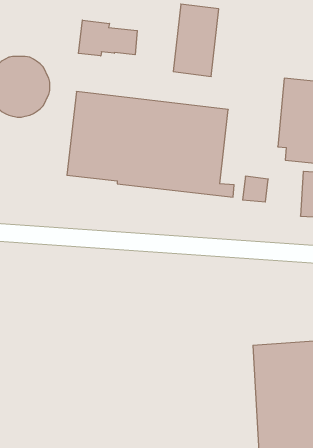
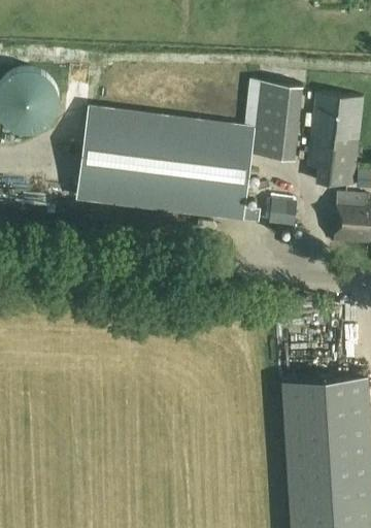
building: [173,4,219,76] -> [252,81,302,160]
building: [78,20,137,56] -> none

